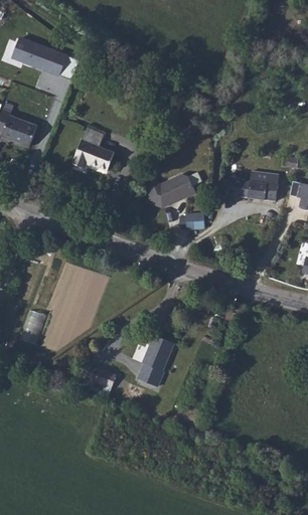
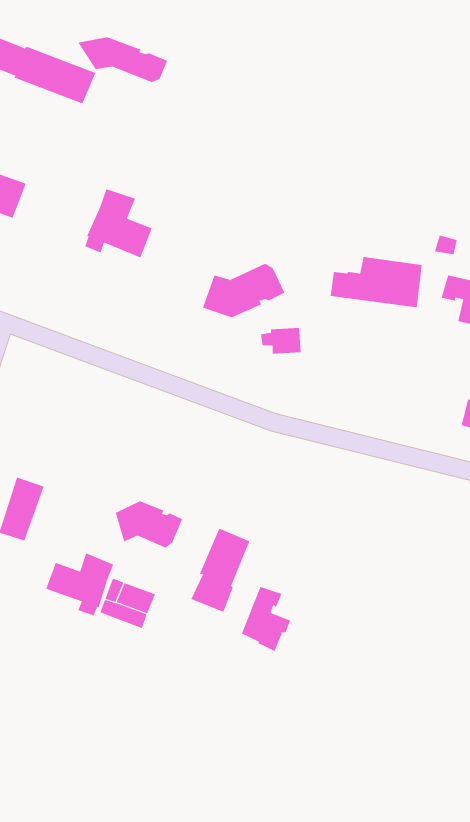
building: none -> [77,36,168,83]
building: none -> [115,501,183,548]
building: none -> [45,553,114,616]
building: none -> [241,586,291,652]

